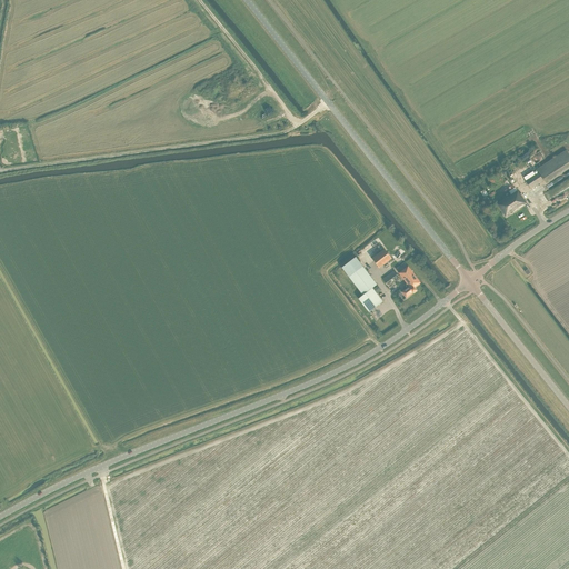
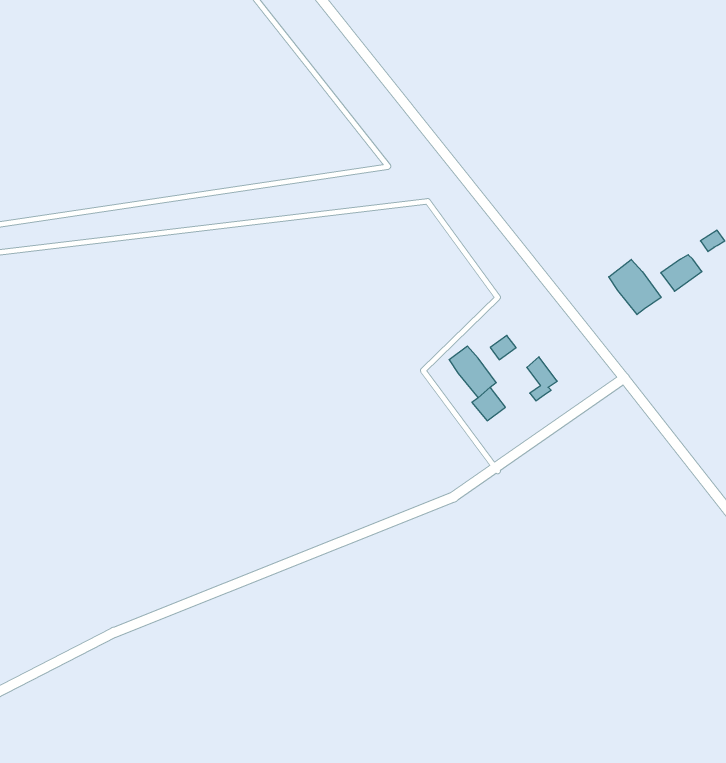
building: none -> [609,259,661,315]

